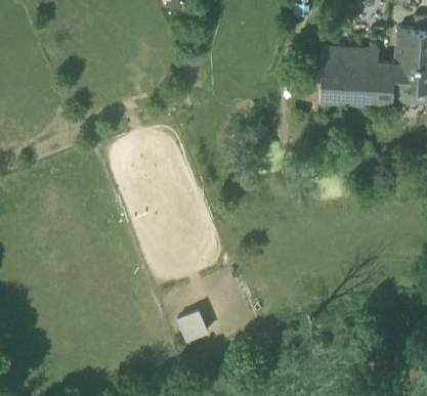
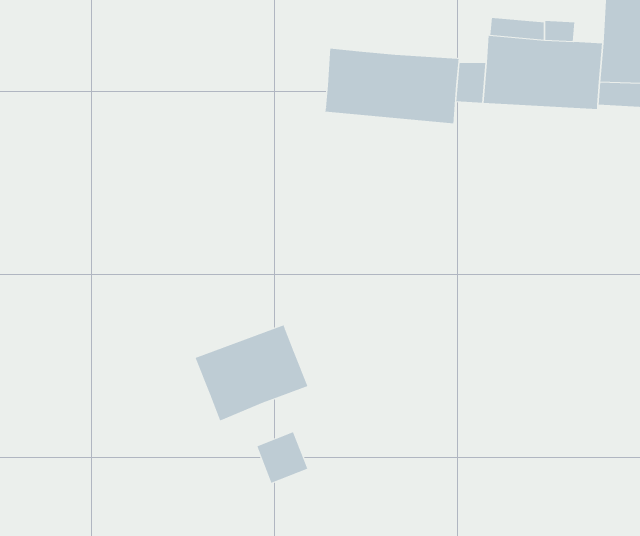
building: none -> [325,48,459,124]
building: none -> [195,325,308,421]

